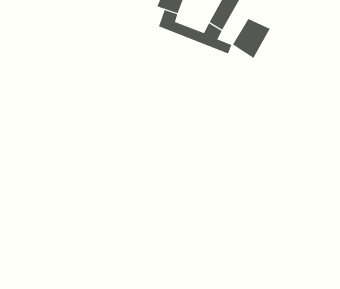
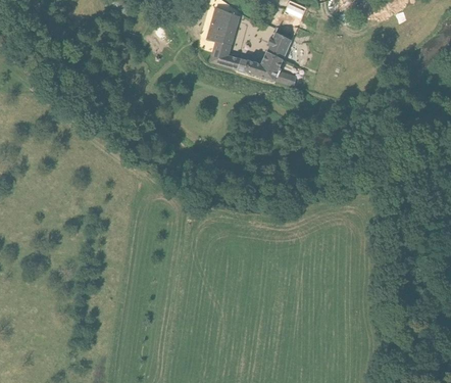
building: [232,18,271,59] -> none

